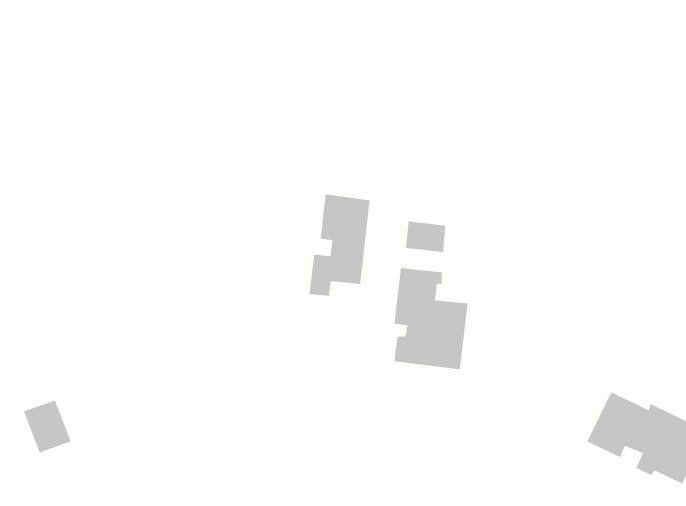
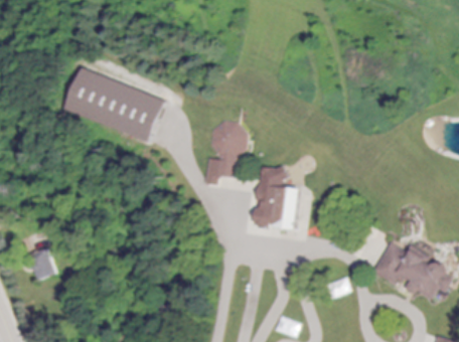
building: none -> [71,67,169,143]
building: [405,220,446,253] -> none

